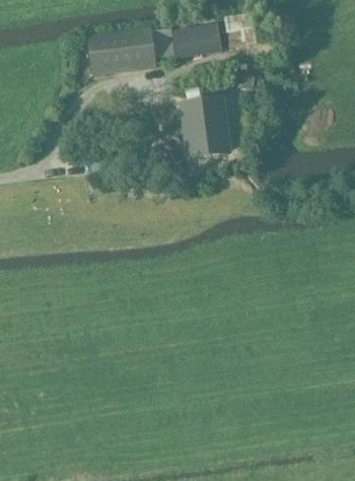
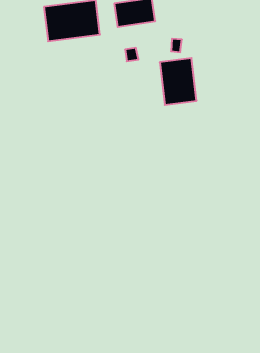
building: [183,98,227,155] -> [160,58,197,105]

